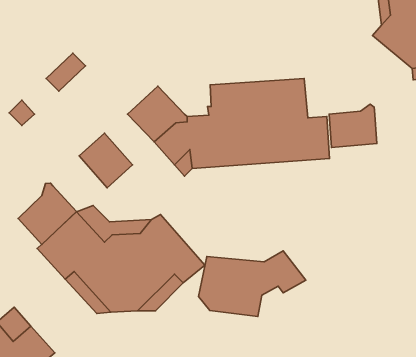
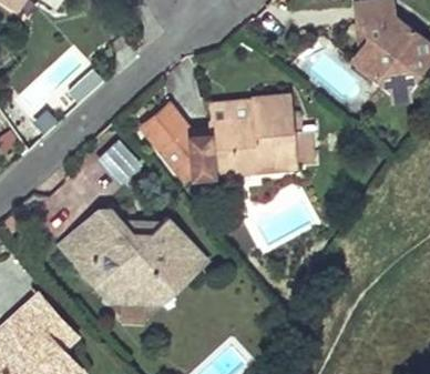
building: [329,104,377,148] -> none
building: [18,183,76,244] -> none
building: [198,251,306,316] -> none

